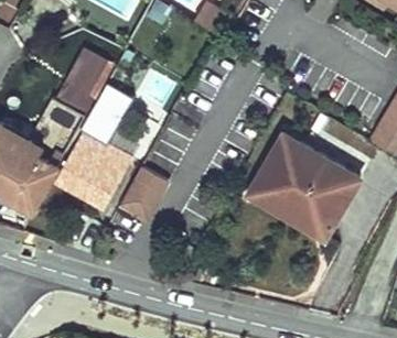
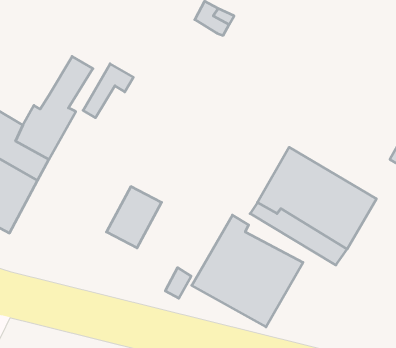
building: [55,115,130,207] -> none
building: none -> [192,215,303,327]

